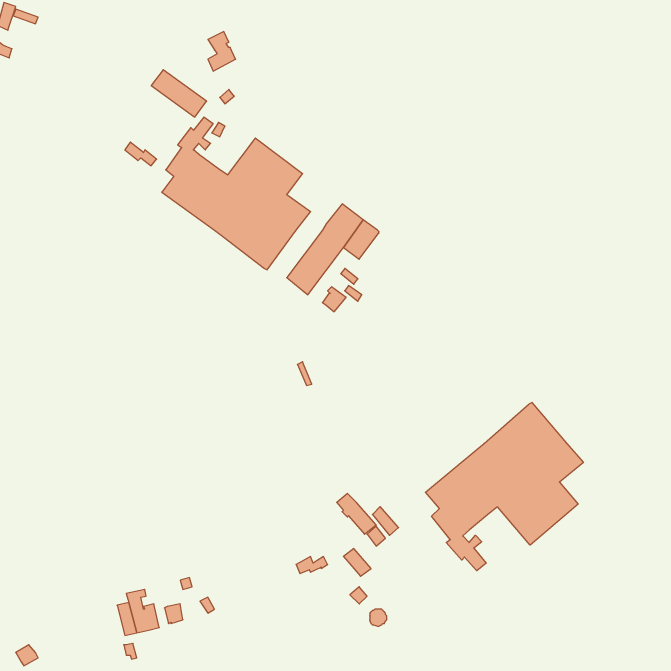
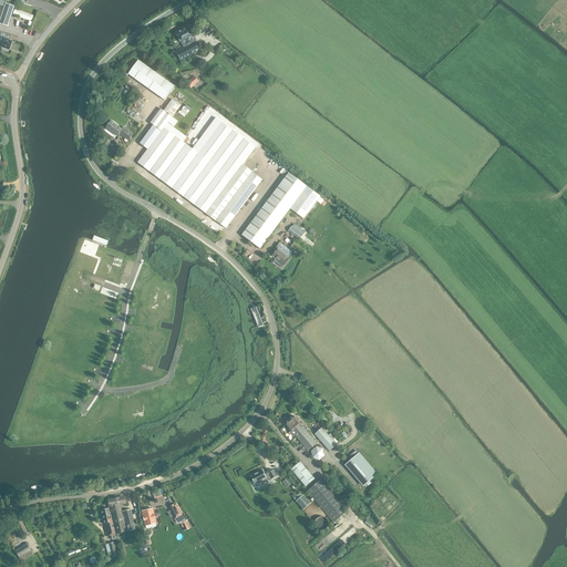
building: [425,402,583,571] -> none
building: none -> [344,450,375,485]
building: none -> [307,480,347,522]

